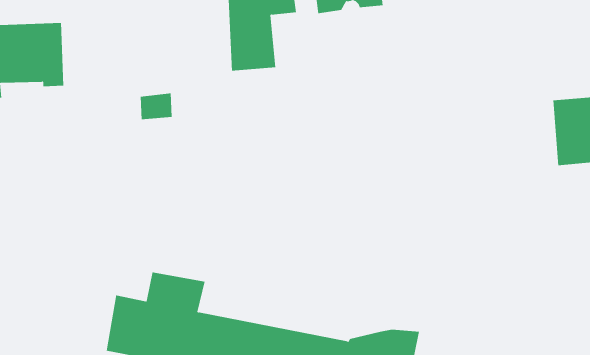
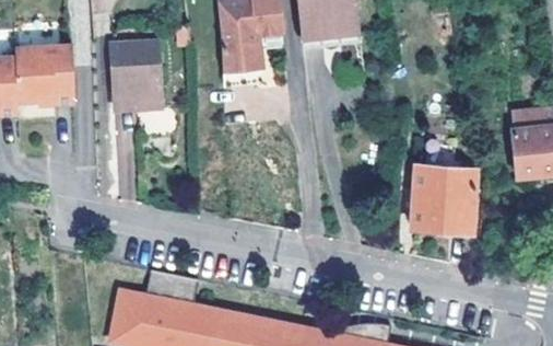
building: none -> [109,43,163,108]
building: none -> [411,165,476,230]

